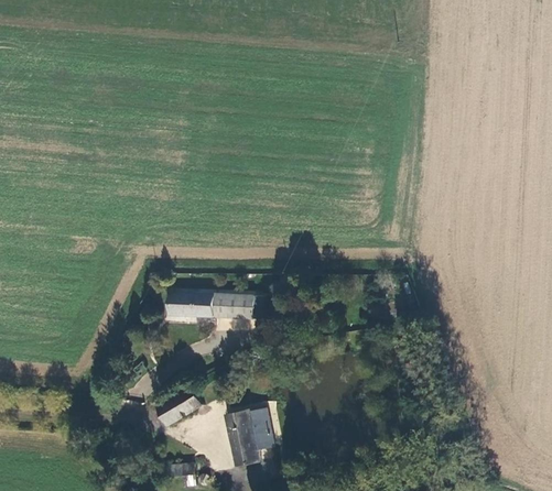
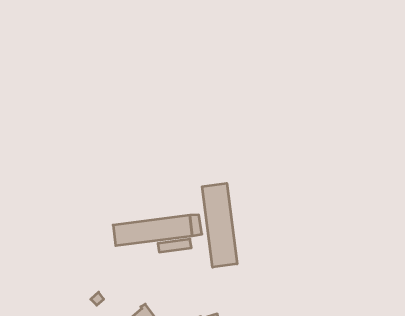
building: none -> [202,183,237,267]

